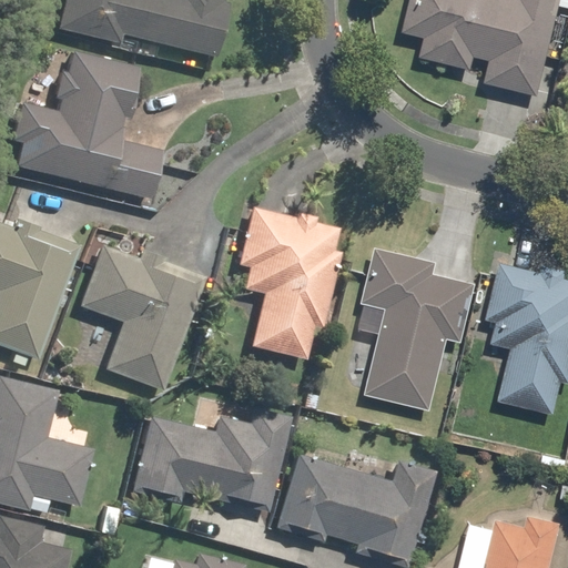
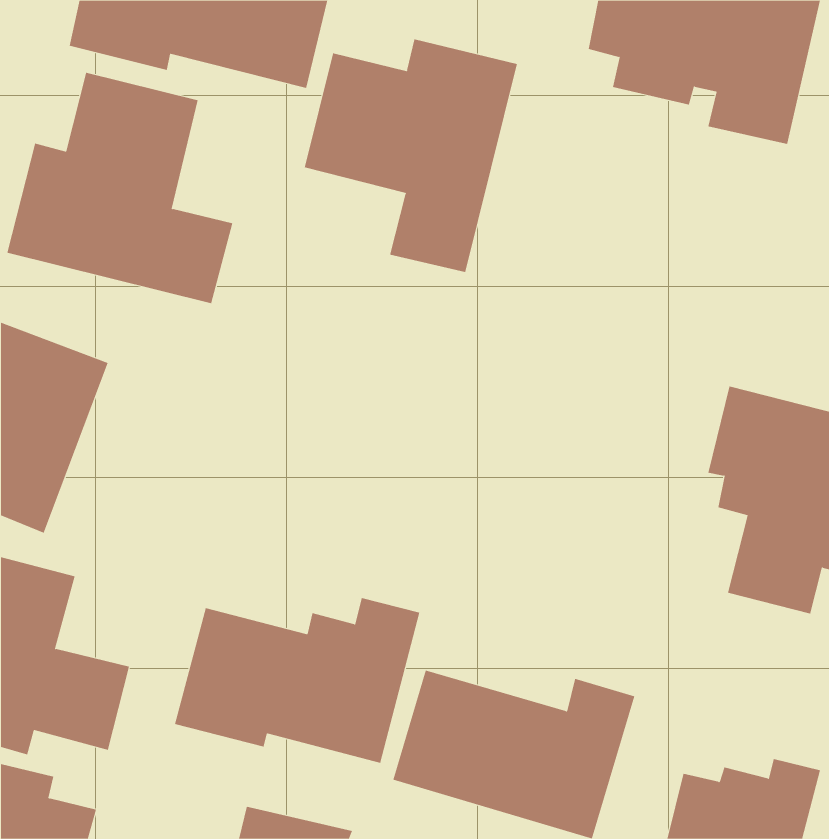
building: none -> [304,39,517,273]
building: [226,207,343,362] -> none
building: [79,240,204,392] -> none
building: [359,245,478,413] -> none

